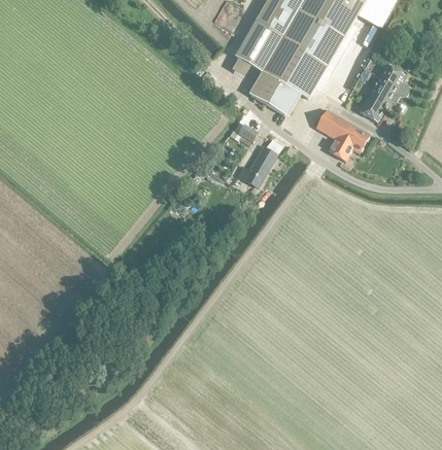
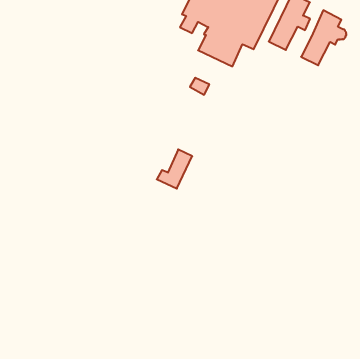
building: [313,107,367,159] -> none
building: [237,145,276,186] -> [157,149,192,189]

